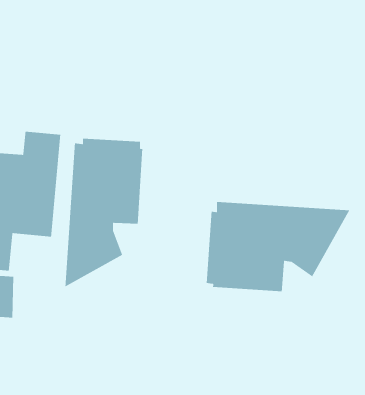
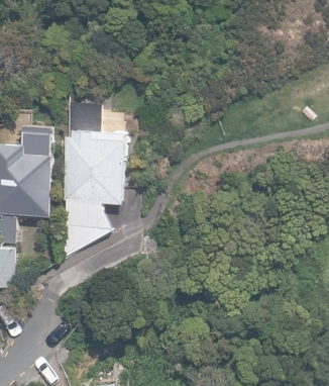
building: [206,201,351,292] -> none

